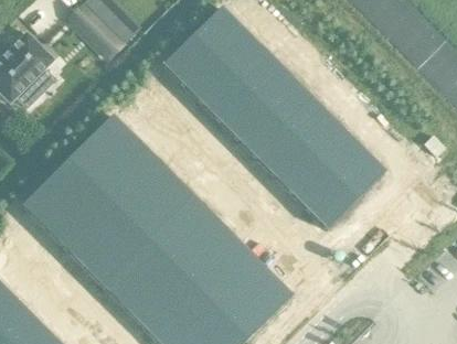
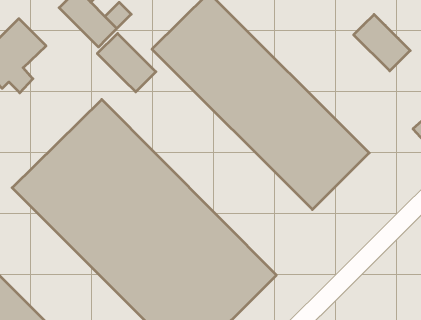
building: none -> [354,14,410,71]
building: none -> [97,33,156,92]

